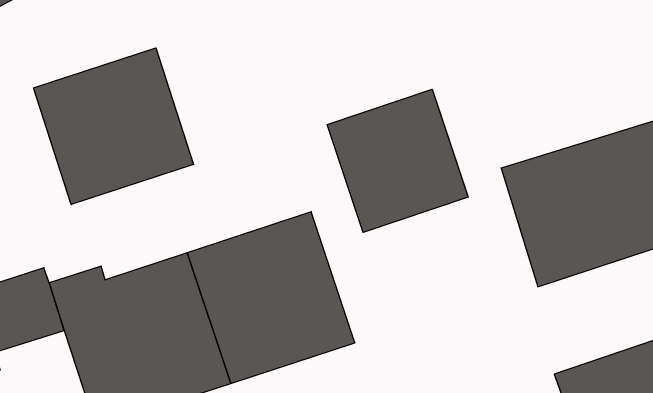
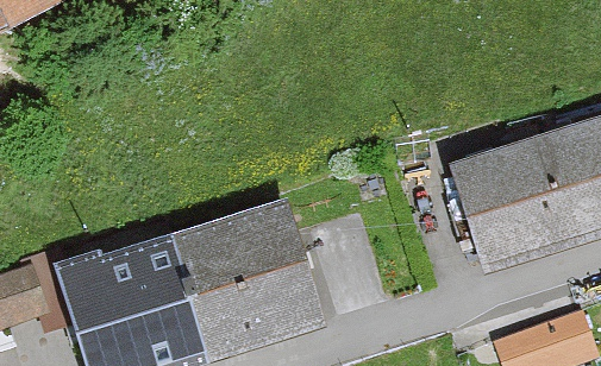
building: [33,48,194,205] -> none
building: [327,89,468,232] -> none

